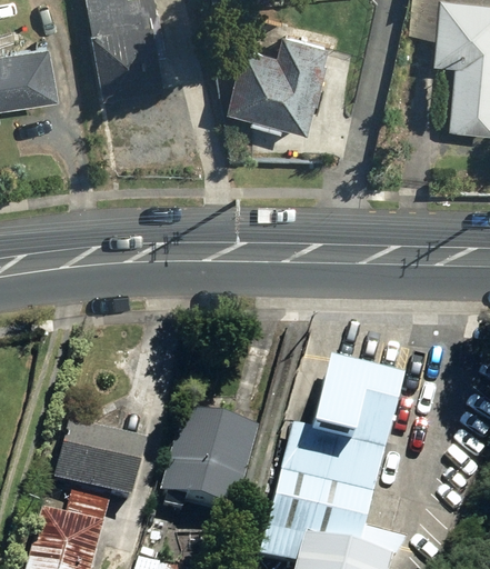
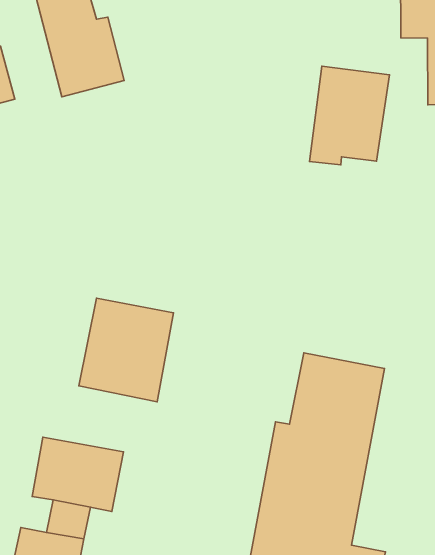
building: [238,23,321,120] -> [310,66,389,165]
building: [158,411,254,516] -> [79,298,174,402]

